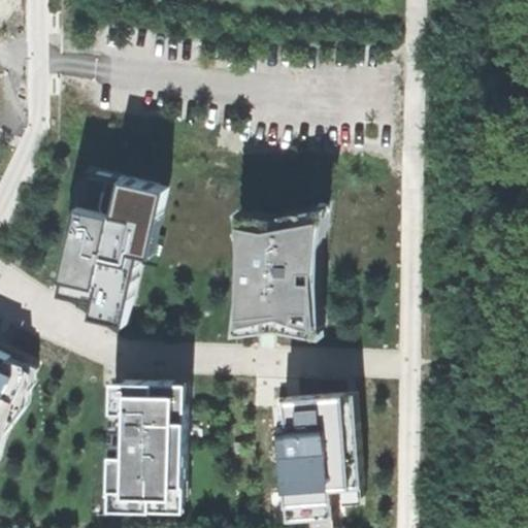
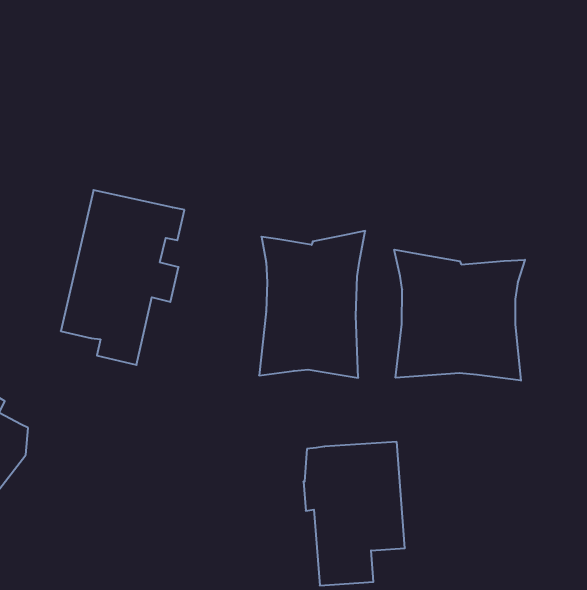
building: none -> [394,250,525,381]
building: [105,384,183,515] -> none

